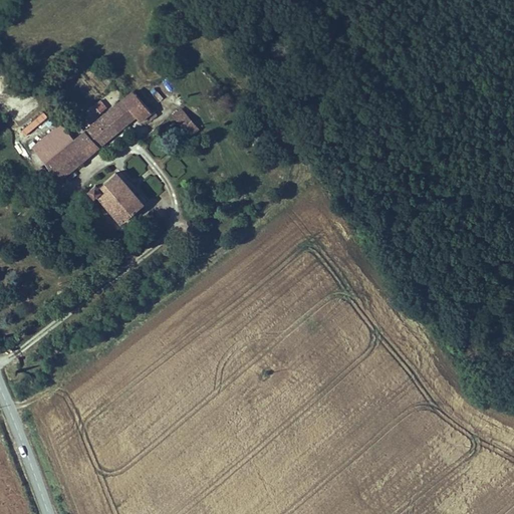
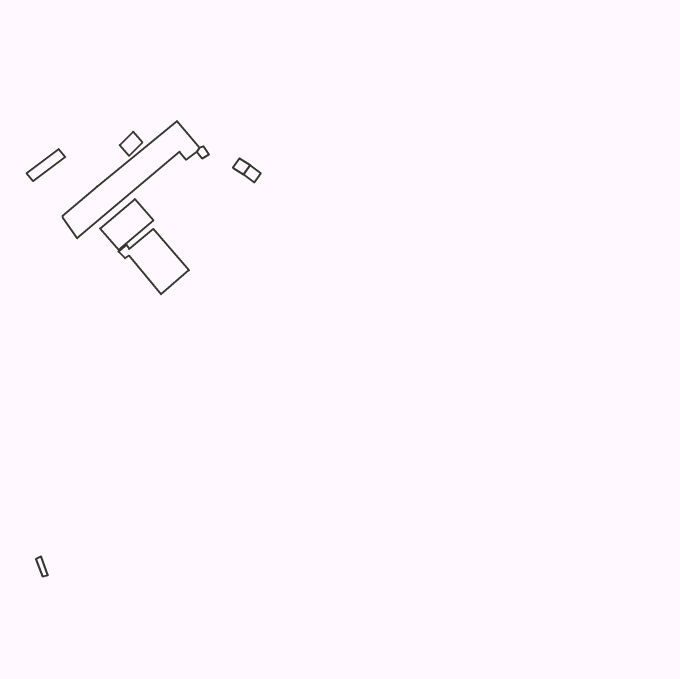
building: [33,125,73,164] -> [100,199,153,250]

